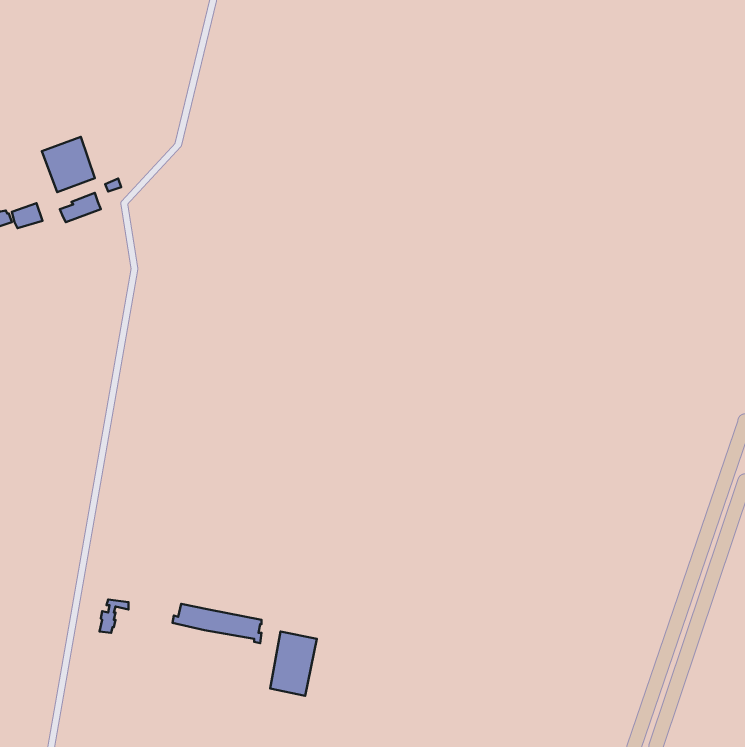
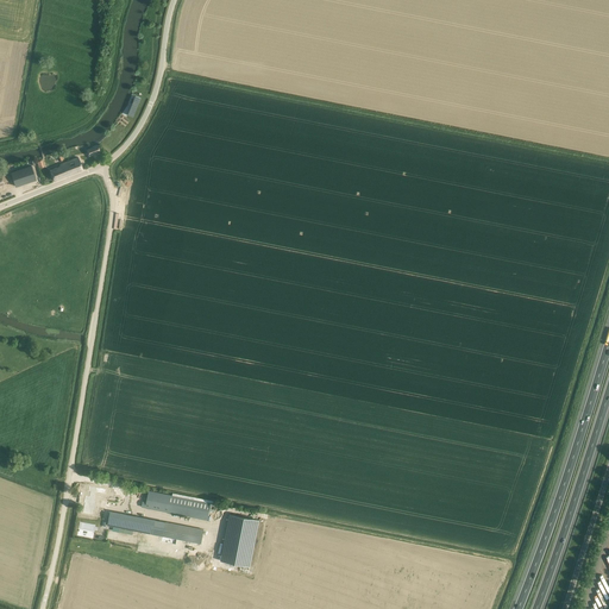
building: [42,137,95,192] -> none
building: none -> [107,511,202,545]

